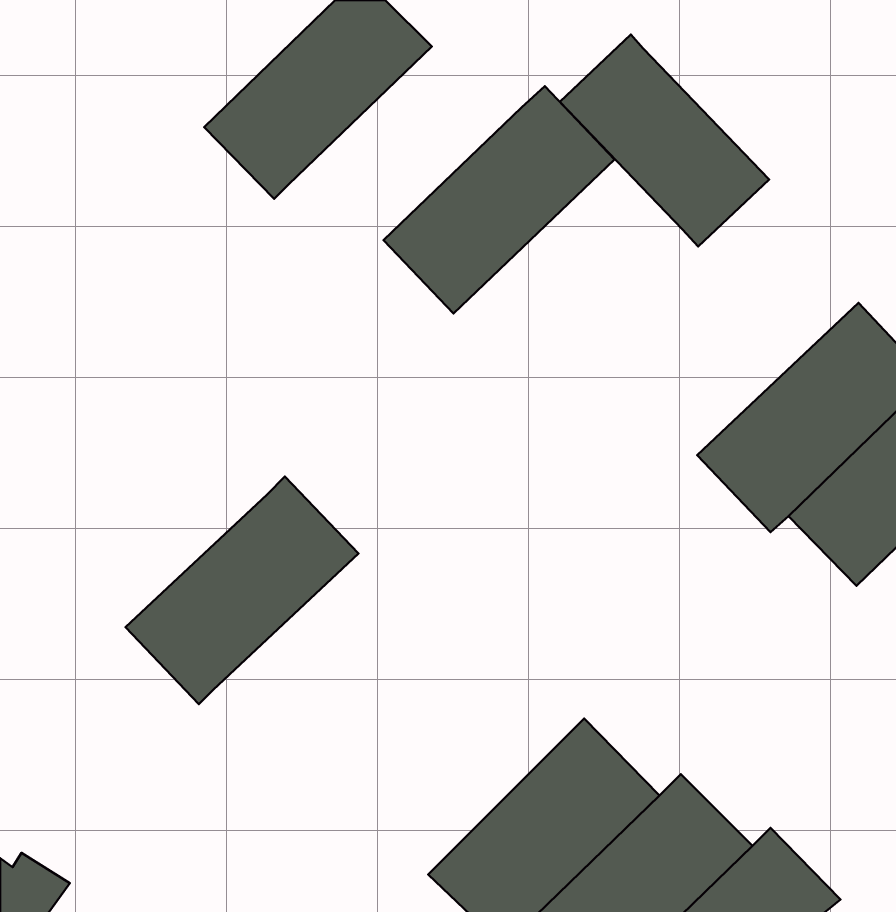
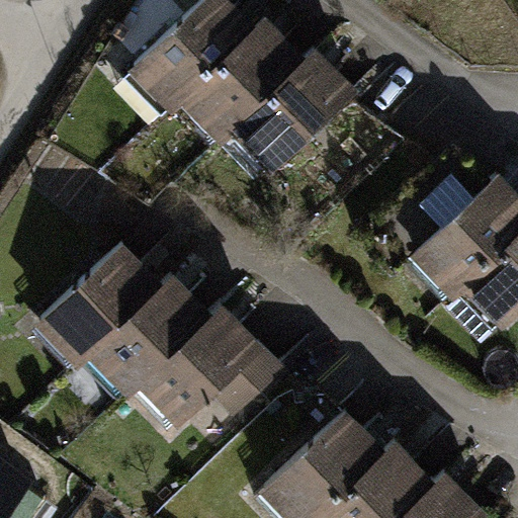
building: none -> [174,20,306,150]
building: [560,35,769,247] -> none
building: none -> [34,241,162,365]
building: none -> [132,305,286,434]

